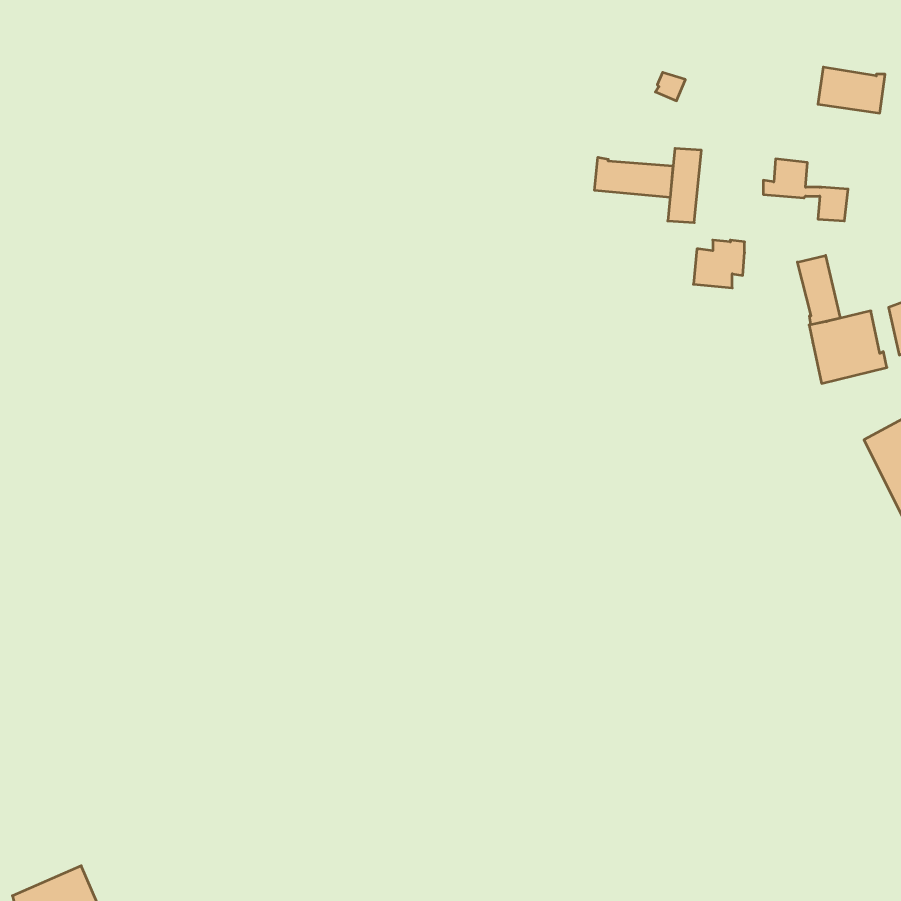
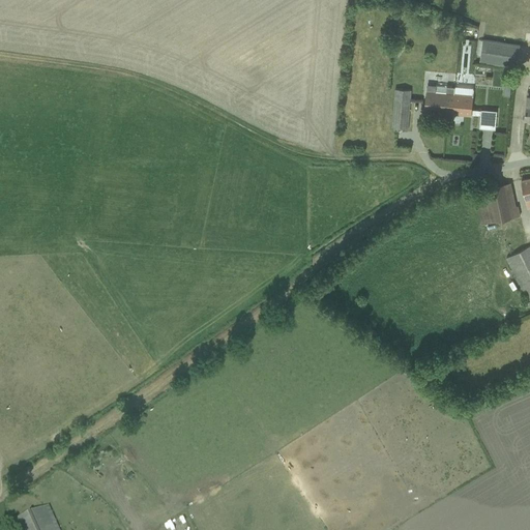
building: [595,157,673,197] -> none
building: [693,240,745,288] -> [425,87,455,115]
building: [797,255,840,325] -> none

